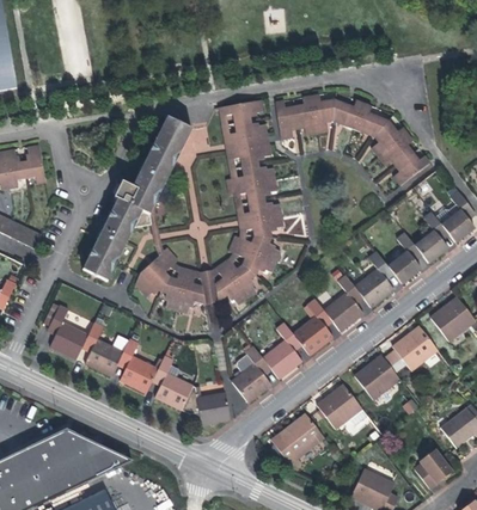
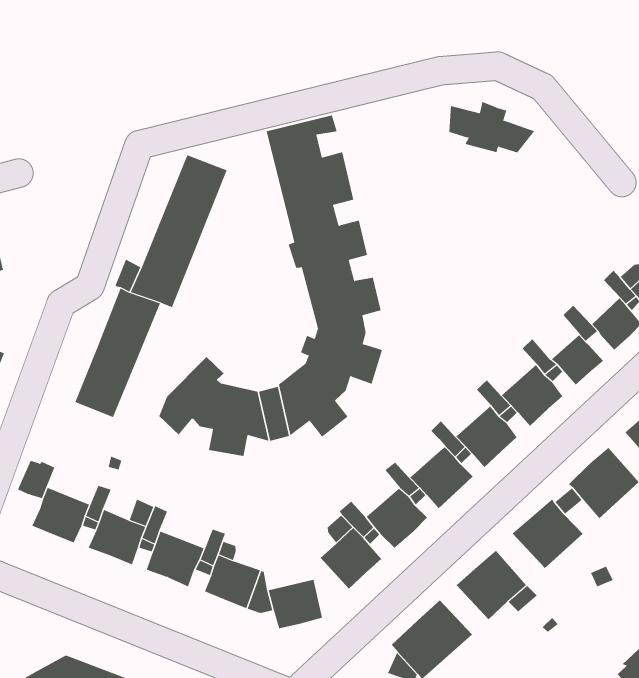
building: [275,94,336,139] -> none
building: [371,119,429,184] -> none

